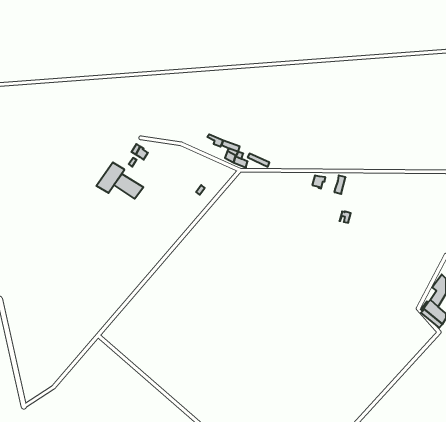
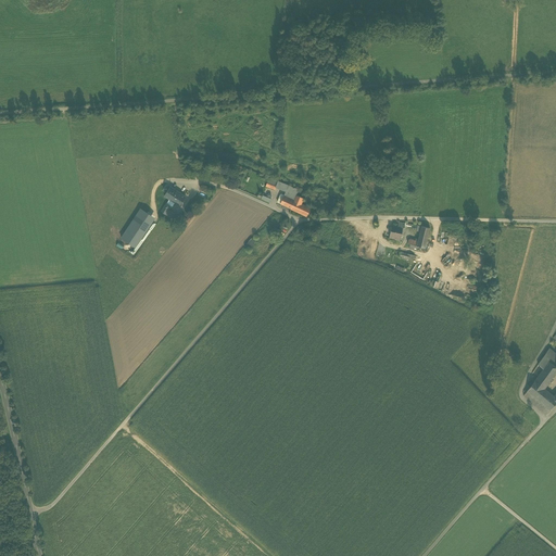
building: [114,174,143,199] -> none

